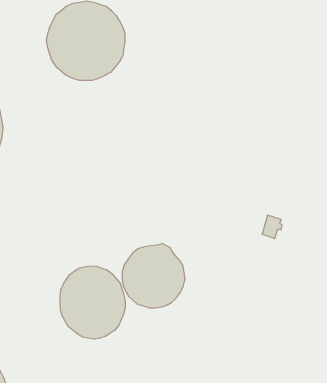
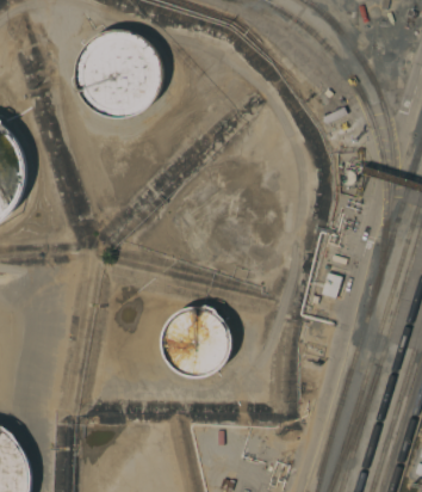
building: [60,266,125,339] -> none

